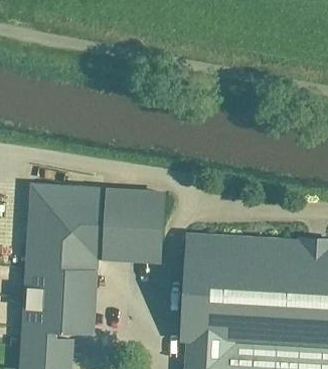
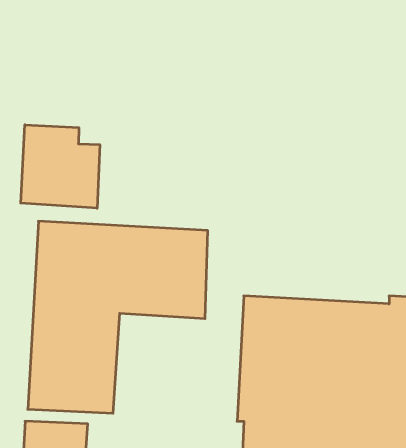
building: none -> [21,125,100,208]

